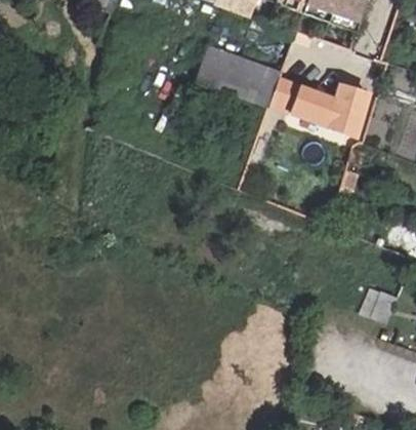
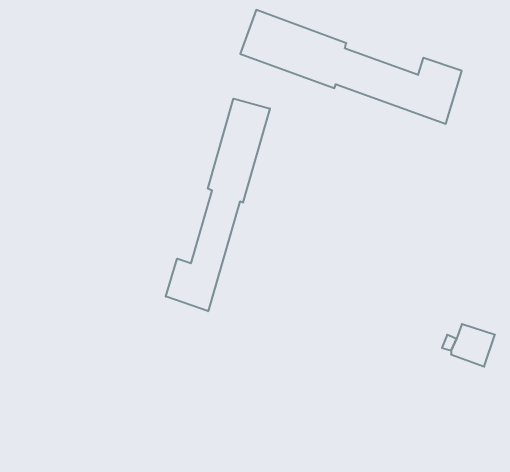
building: none -> [166,99,270,311]

